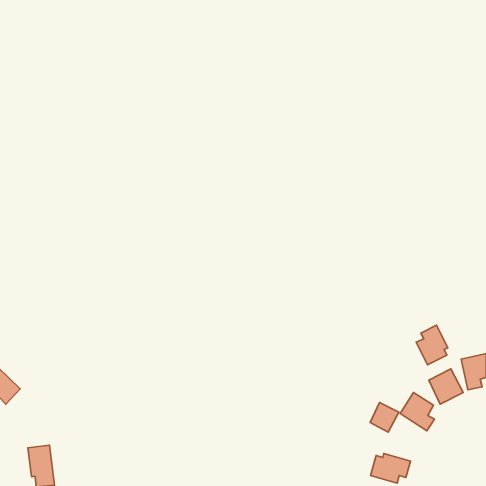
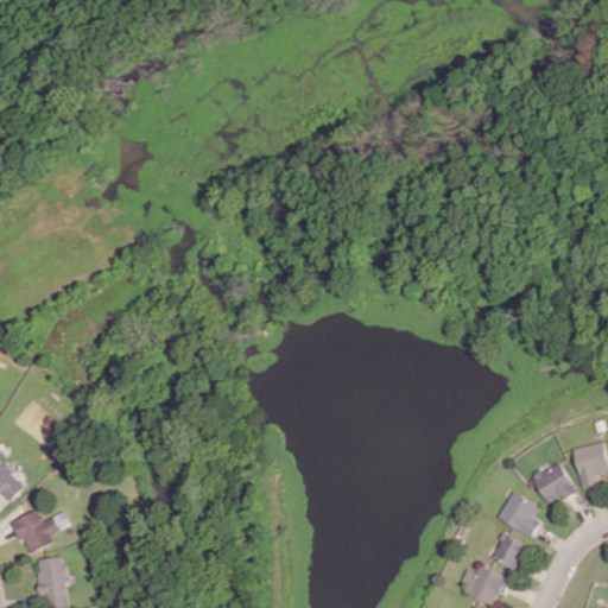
building: [416,325,448,365] -> none
building: [370,403,399,432] -> [492,533,527,570]
building: none -> [12,509,69,555]

